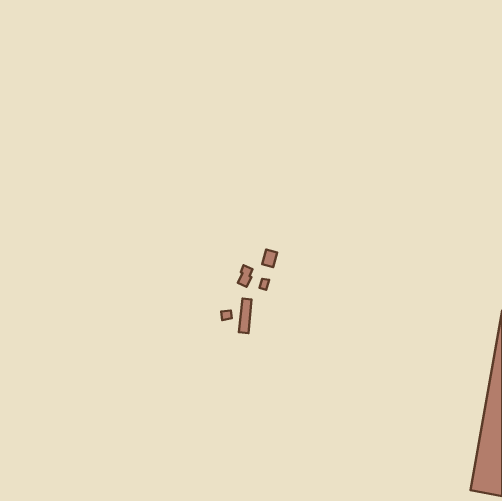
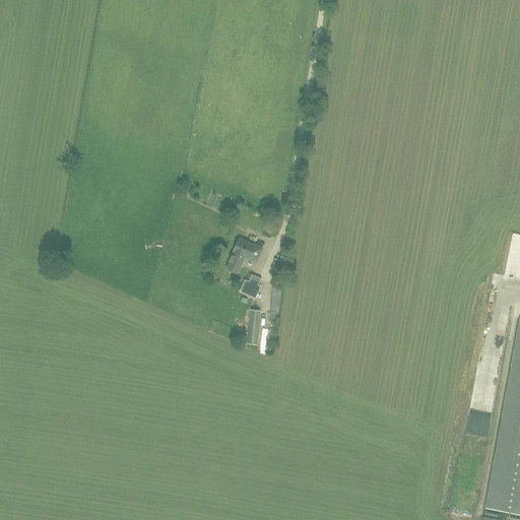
building: none -> [226,238,260,273]

